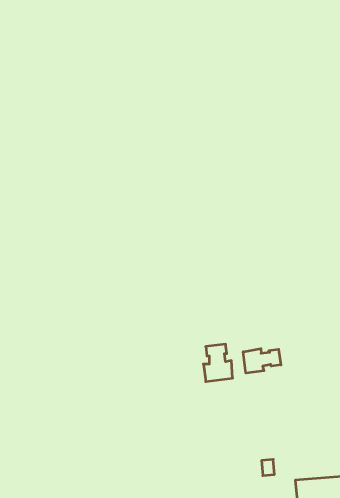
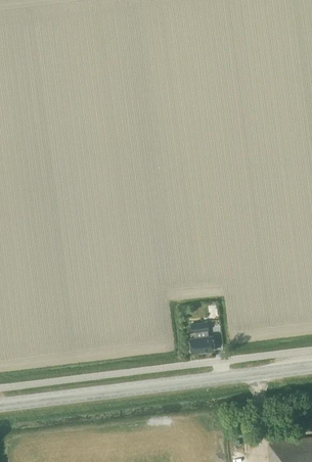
building: [243,349,281,373] -> none

